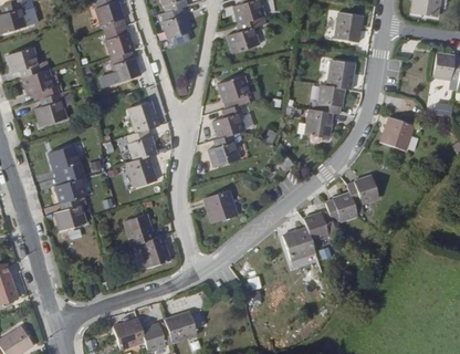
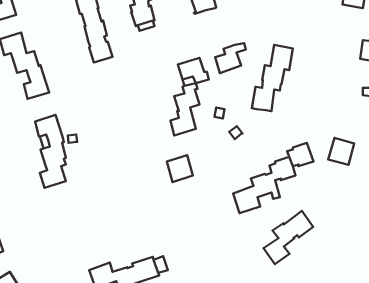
building: [335,13,362,42] -> none
building: [228,17,264,52] -> [215,43,246,73]
building: [126,100,157,186] -> none
building: [381,117,412,149] -> [328,138,354,165]
building: [125,214,170,267] -> none
building: none -> [264,211,313,264]

